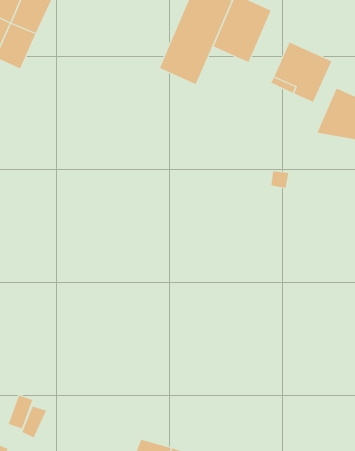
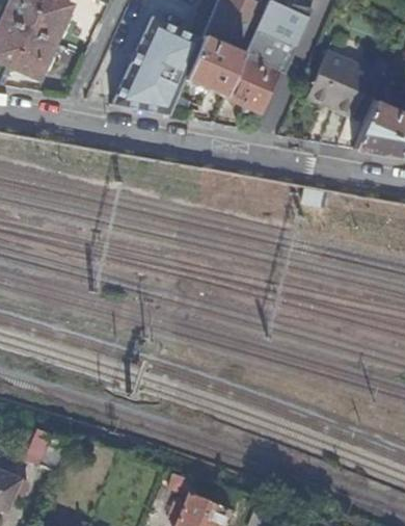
building: none -> [112,17,204,115]
building: none -> [226,56,278,111]

